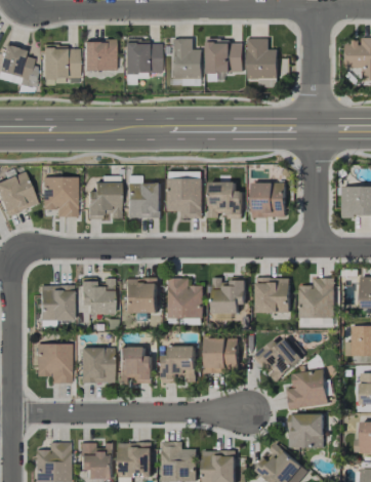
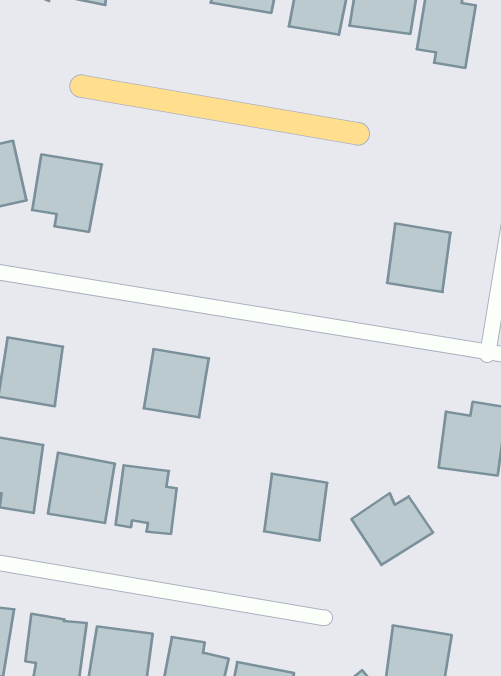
building: [166,177,202,218] -> none
building: [86,182,120,219] -> none
building: [208,182,242,217] -> none
building: [126,183,160,217] -> none
building: [79,278,114,315] -> none
building: [167,278,202,318] -> none
building: [212,278,245,314] -> none
building: [256,278,289,313] -> none
building: [161,346,195,384] -> none
building: [286,369,328,410] -> none

